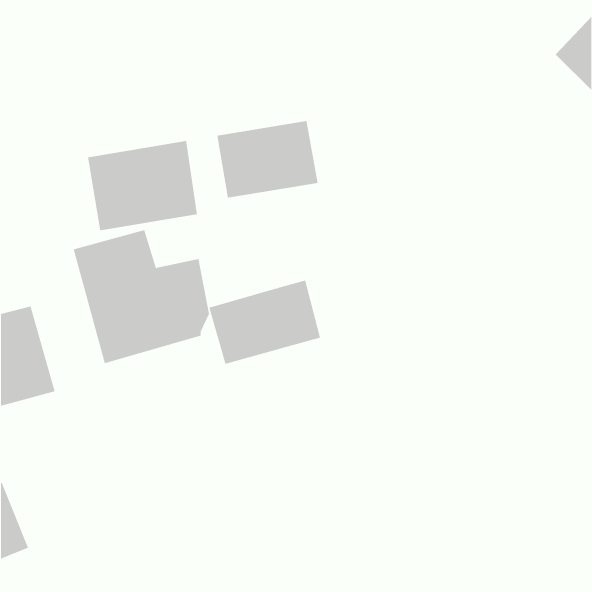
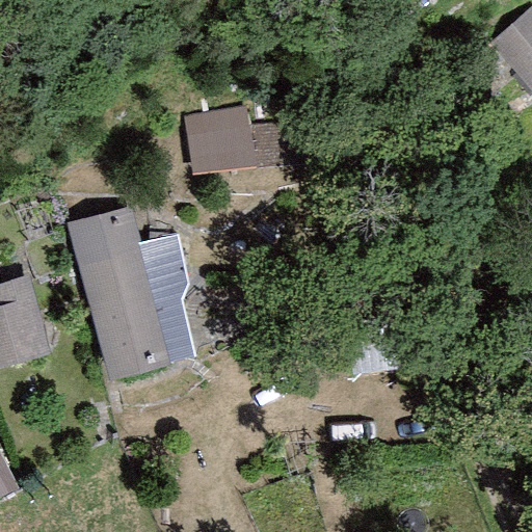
building: [88,140,198,231] -> none
building: [209,280,321,364] -> [94,301,194,377]

